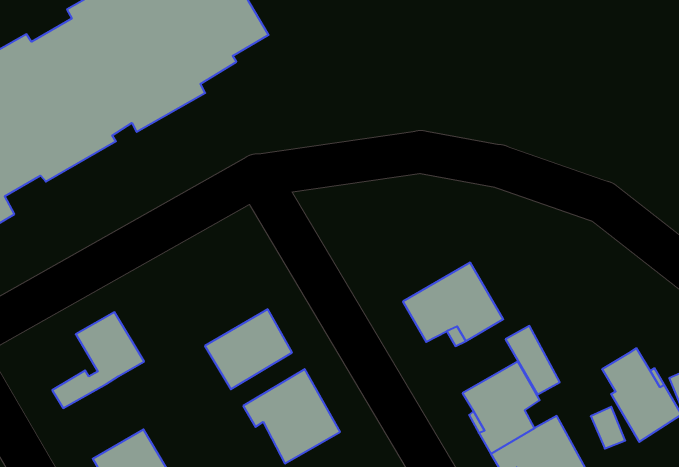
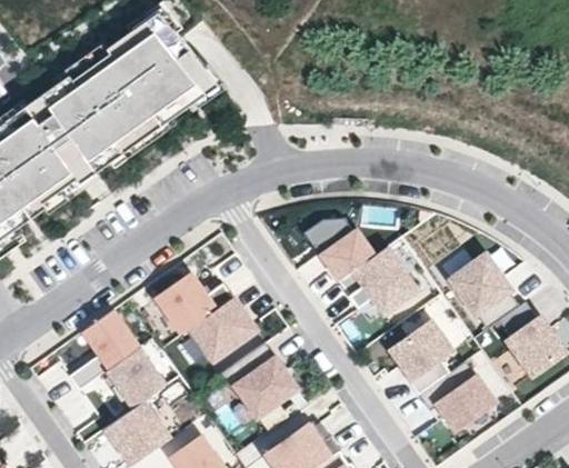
building: none -> [302,219,373,280]
building: none -> [149,262,233,335]
building: none -> [449,256,519,328]
building: none -> [110,362,158,410]

